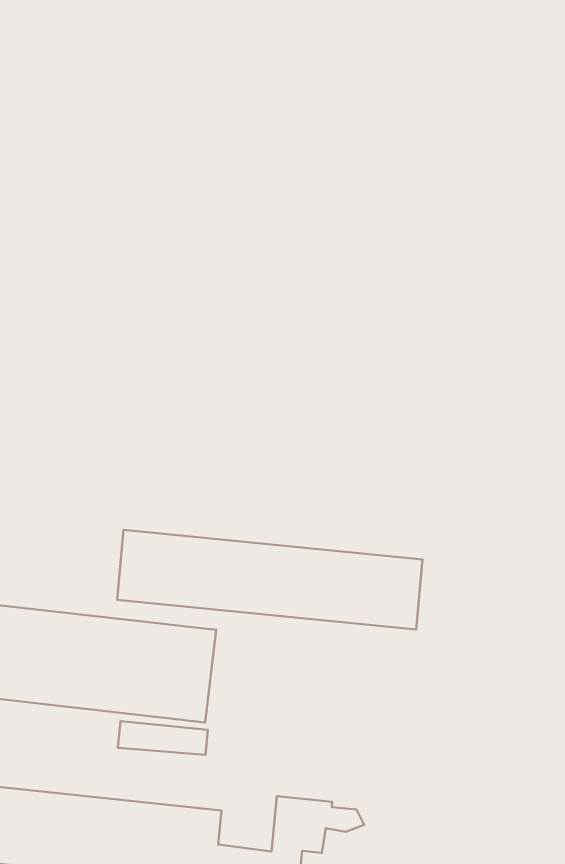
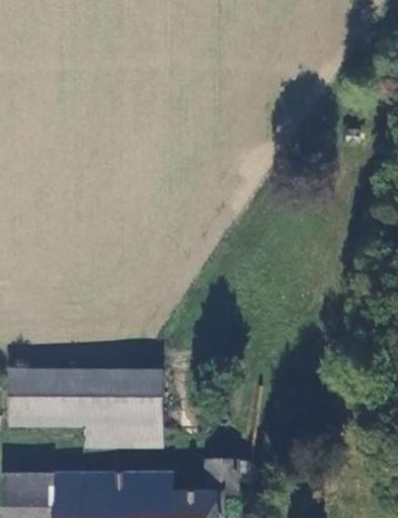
building: [117,530,422,630] -> none

